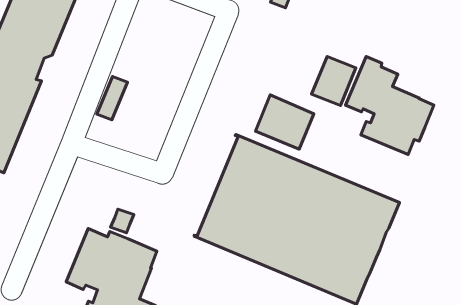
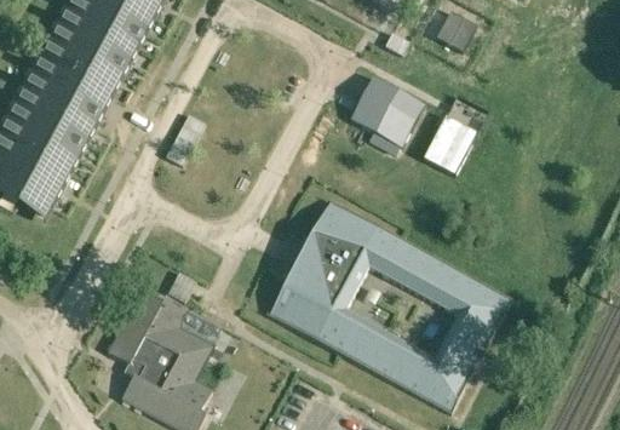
building: [346,56,434,154] -> none
building: [255,95,314,149] -> [351,76,423,144]

